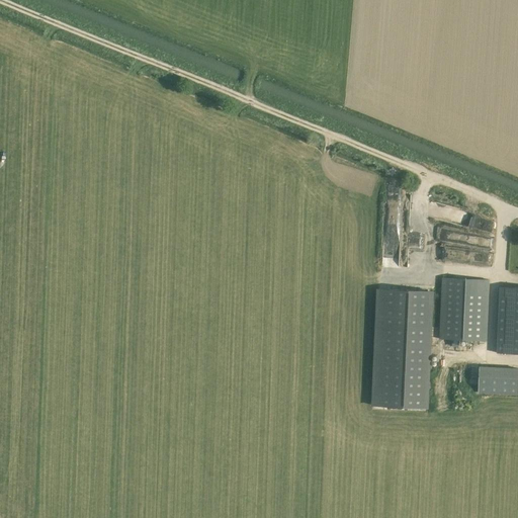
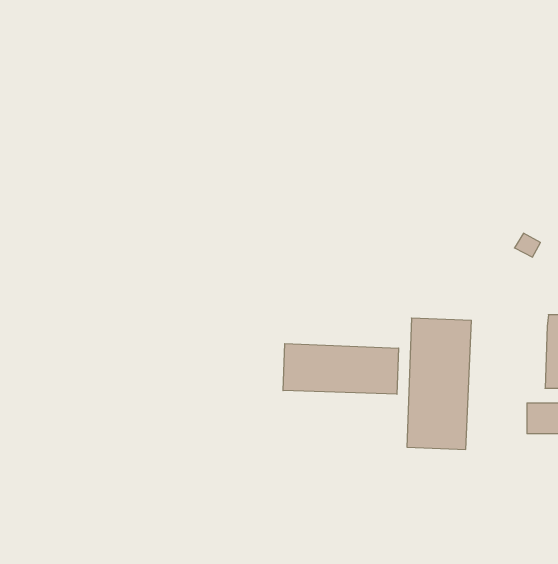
building: [439,279,488,342] -> none
building: none -> [283,344,399,394]

